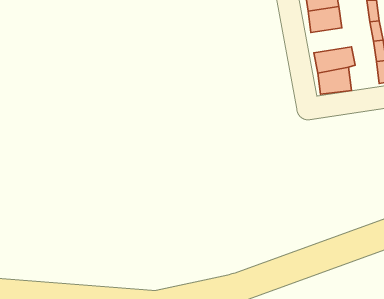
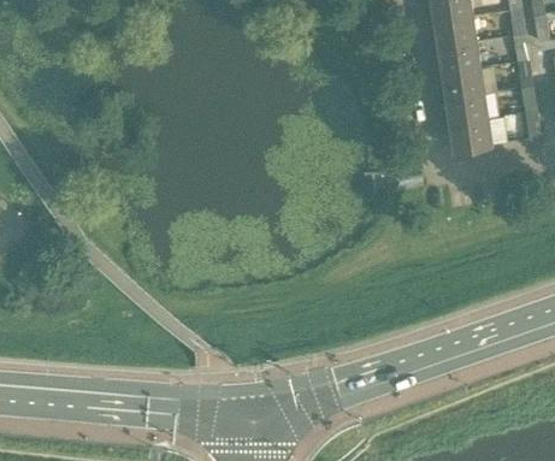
building: none -> [443,77,497,111]

